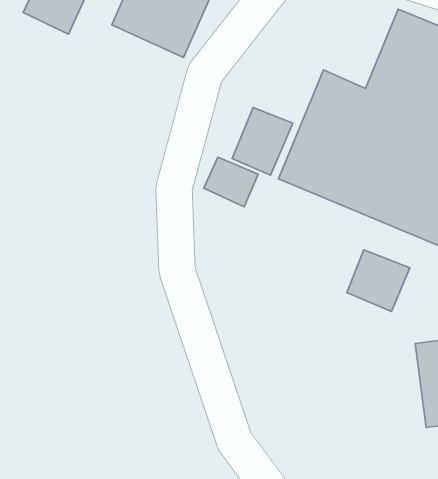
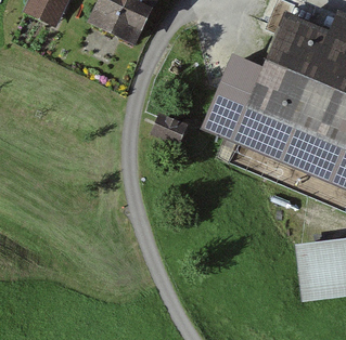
building: [232,108,293,175] -> none
building: [347,250,410,312] -> none

